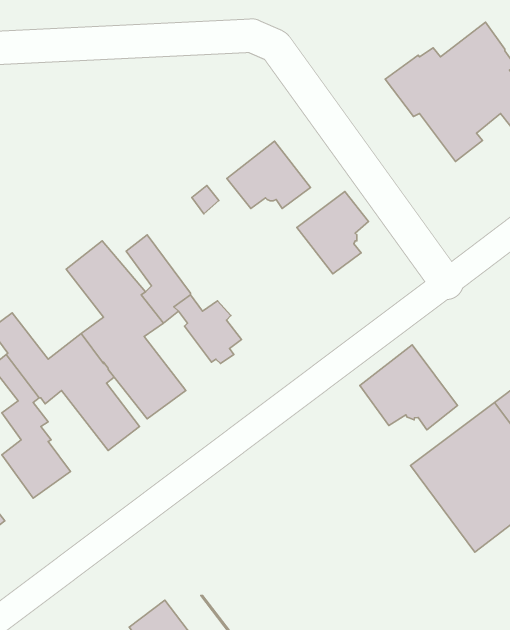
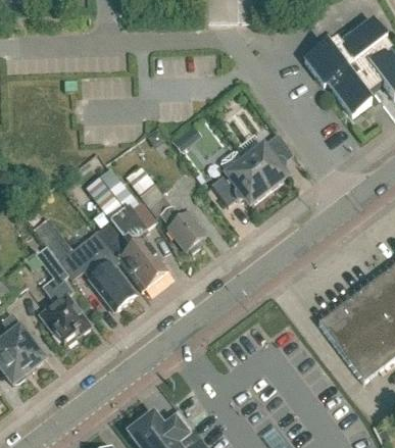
building: [227,141,311,208] -> [210,158,267,204]
building: [360,345,458,430] -> none

